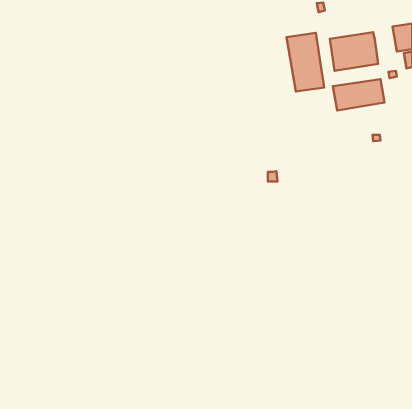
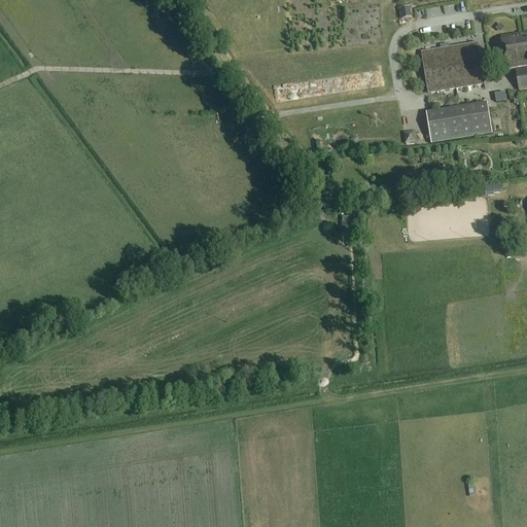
building: [287,33,324,92] -> none

